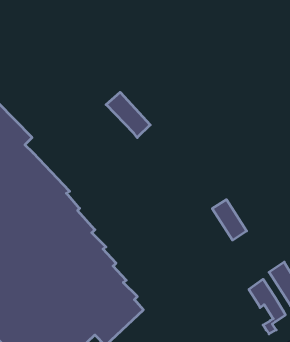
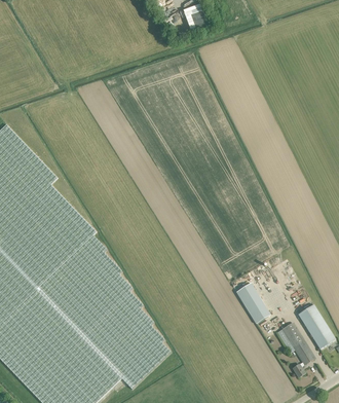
building: [106,92,150,138] -> none
building: [212,200,247,240] -> [235,282,270,323]

